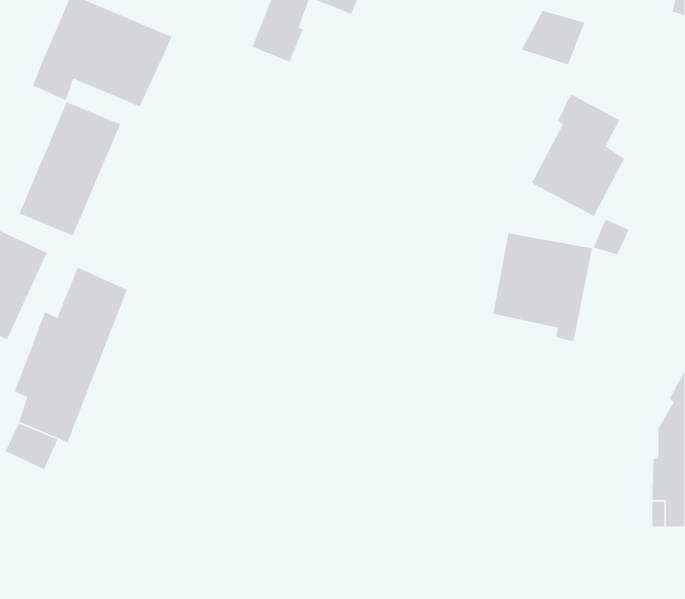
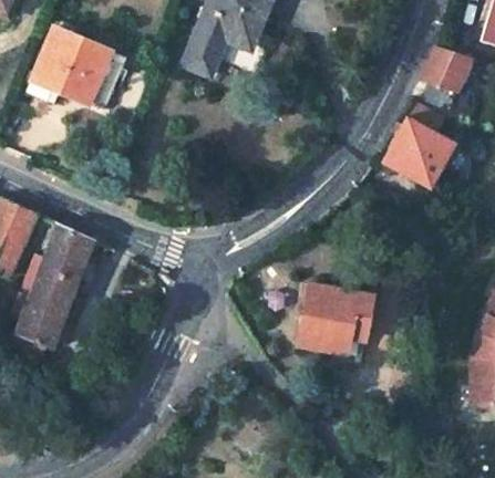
building: [521,10,586,65] -> [420,50,466,90]
building: [18,101,121,236] -> none
building: [492,232,593,342] -> [298,285,370,364]

